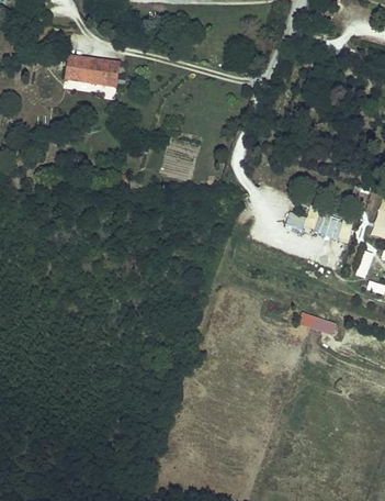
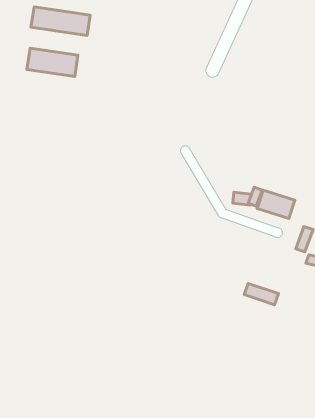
building: none -> [31,7,90,35]

